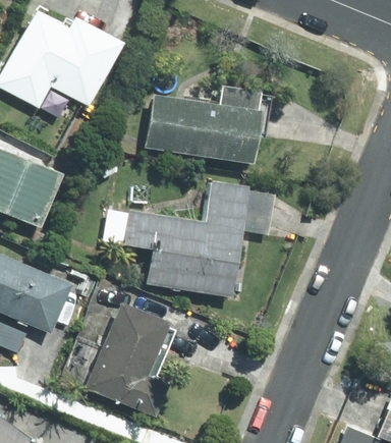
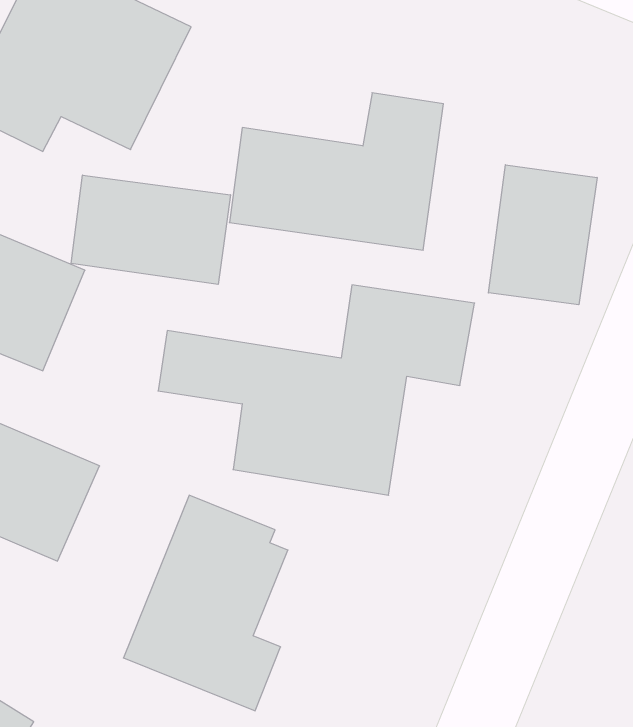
building: none -> [488,165,597,305]
building: none -> [71,175,230,284]

